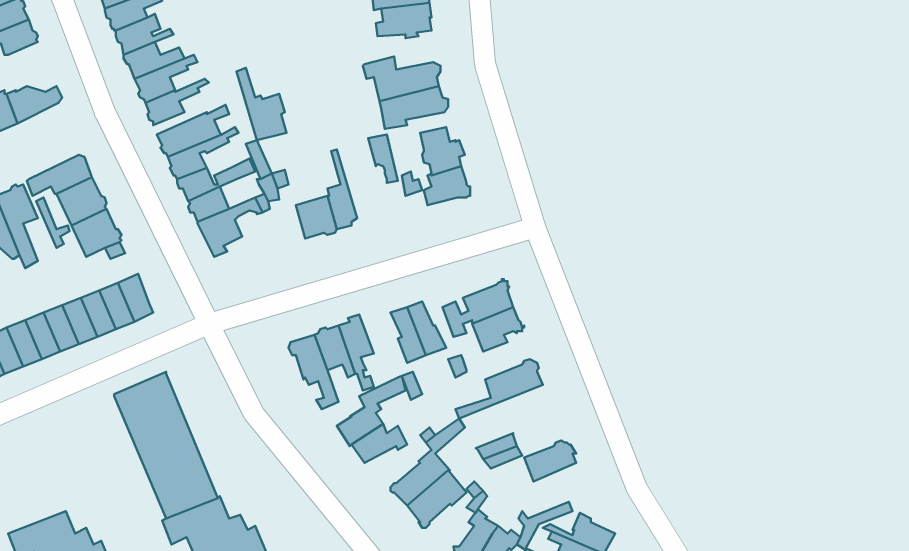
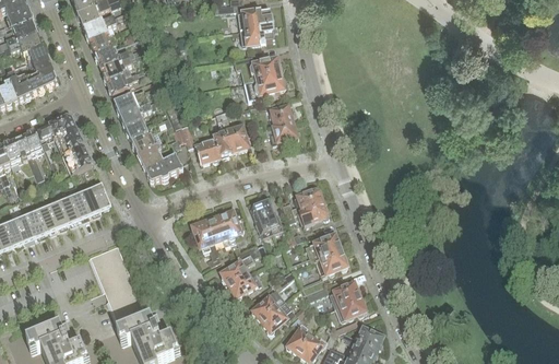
building: none -> [25,48,53,78]
building: [237,68,287,140] -> [218,109,248,152]
building: none -> [146,156,181,183]
building: none -> [314,250,346,277]
building: none -> [334,296,366,320]

